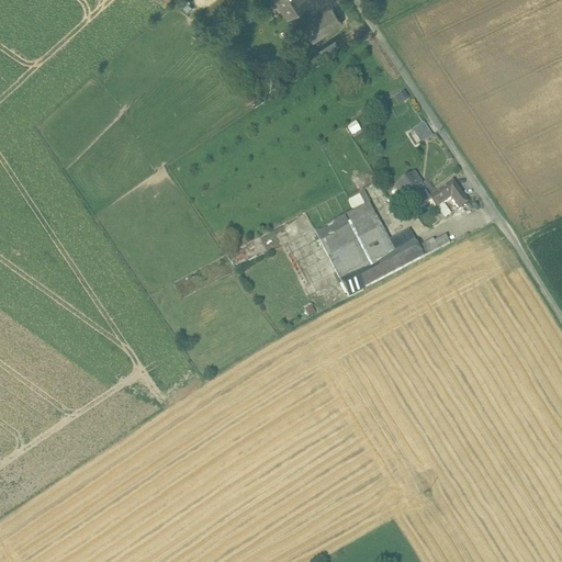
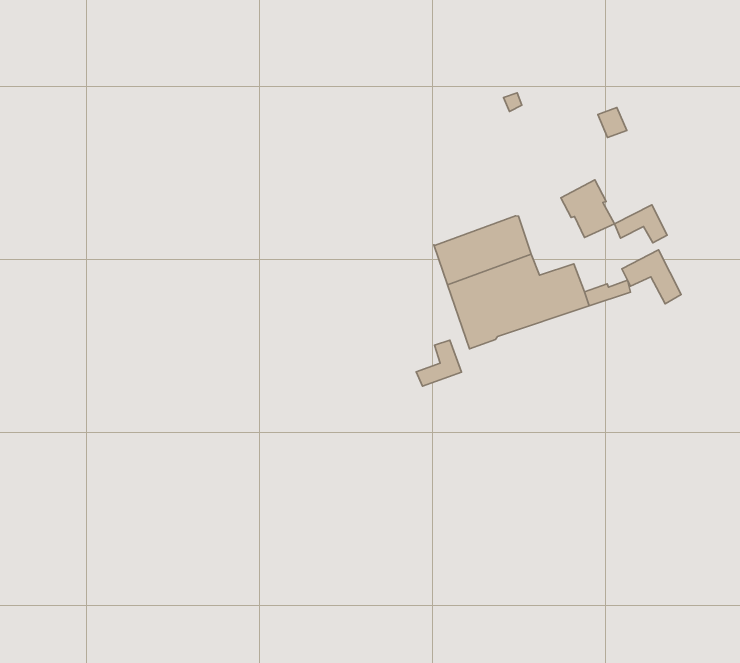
building: none -> [622,250,681,304]
building: none -> [416,340,461,386]

